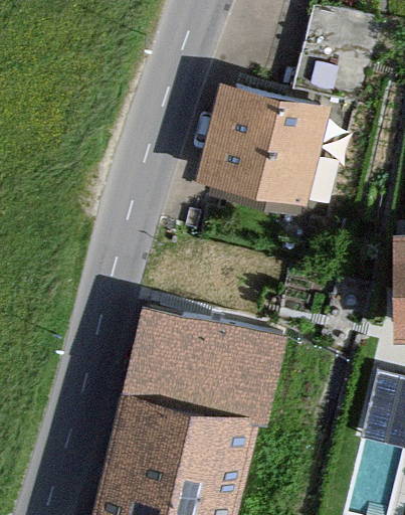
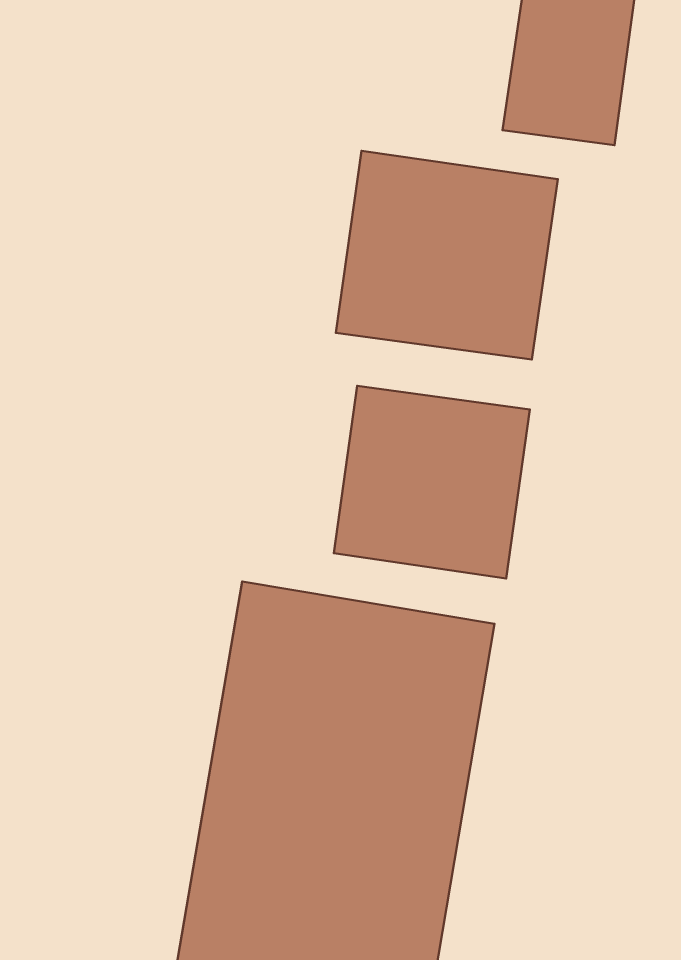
building: none -> [334,386,530,579]

